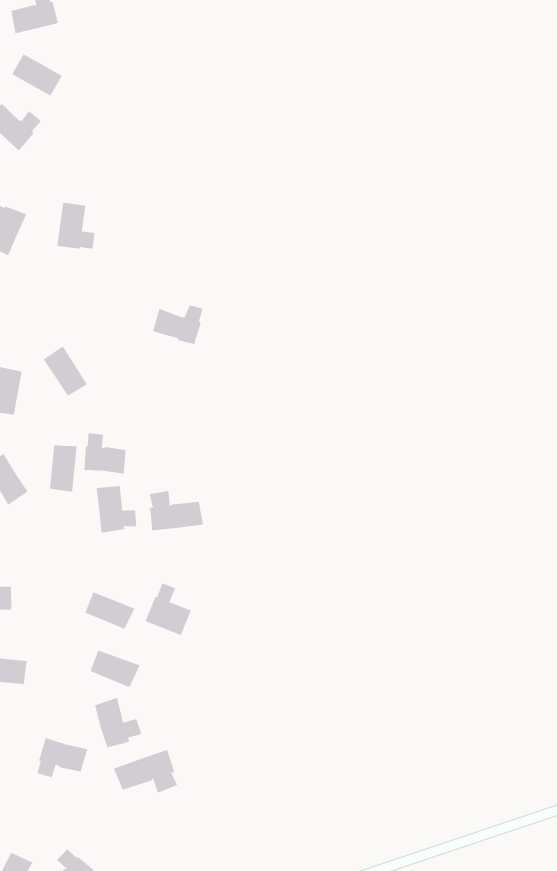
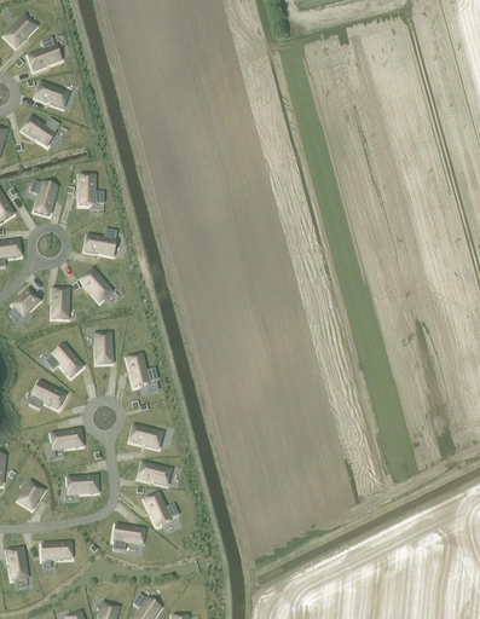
building: [152,305,204,345] -> [83,230,115,255]
building: [84,432,126,475] -> none
building: [149,490,203,531] -> none
building: [145,583,191,636] -> none
building: [113,749,178,794] -> none

